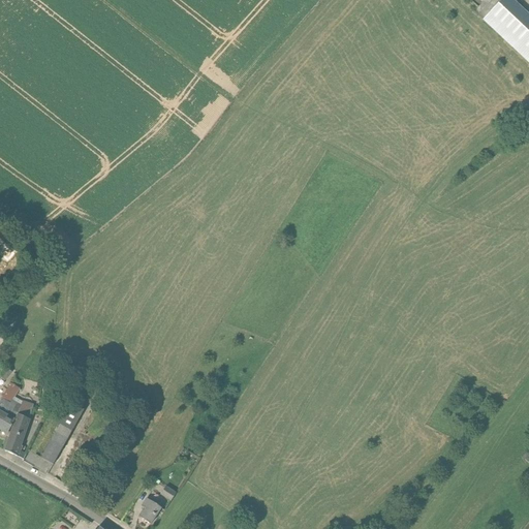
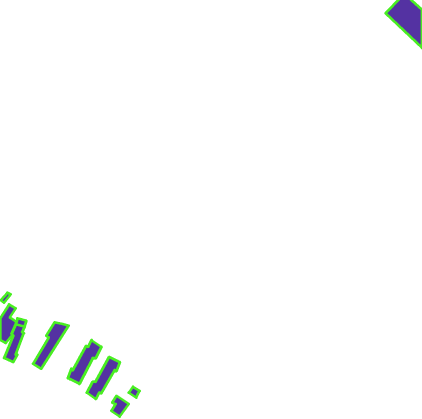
building: none -> [68,340,101,384]
building: none -> [87,357,120,399]

